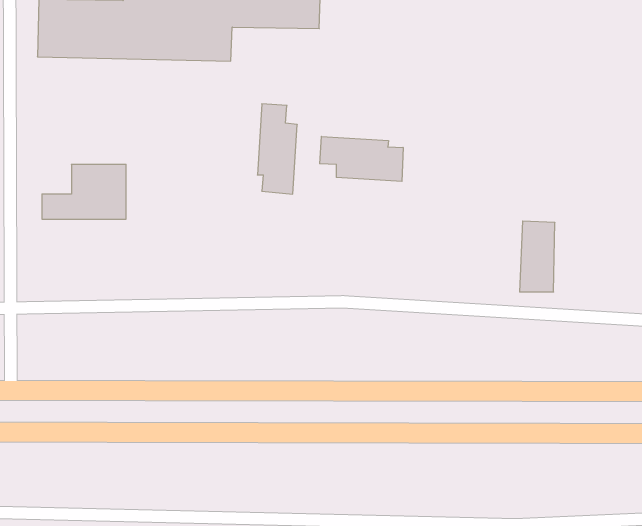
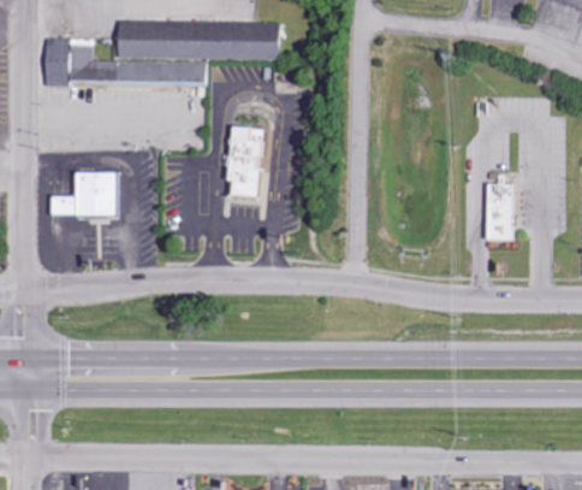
building: [320,136,403,181] -> none
building: [520,221,555,292] -> [483,181,512,238]

